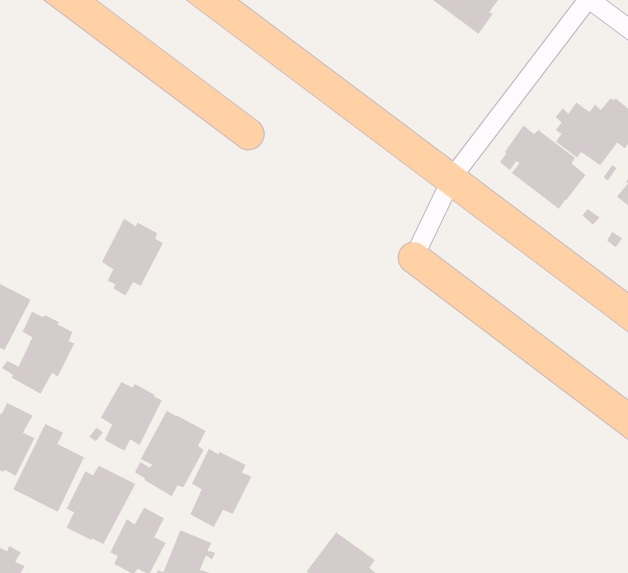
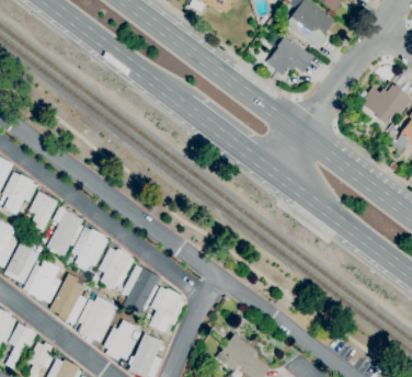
building: none -> [266,35,313,75]
building: [499,124,587,210] -> none
building: [101,218,164,296] -> [71,226,107,271]

